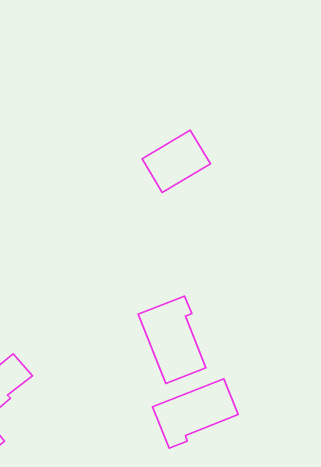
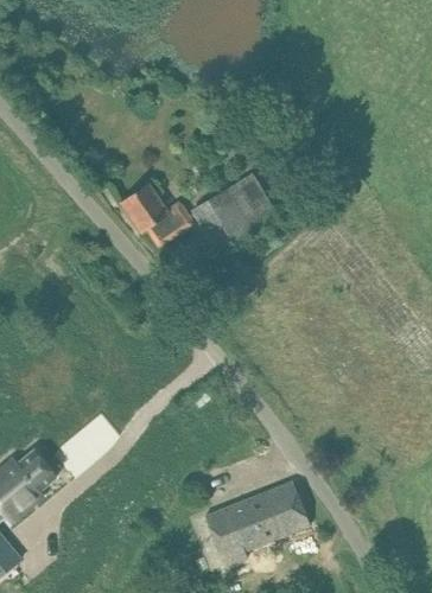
building: none -> [120,183,191,244]
building: [138,296,206,383] -> none

